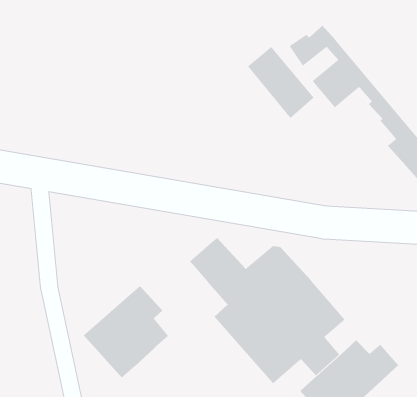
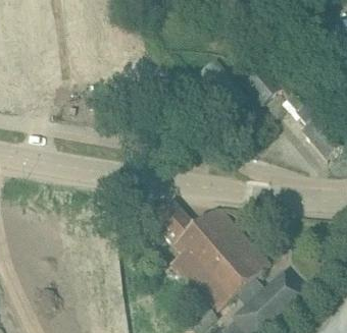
building: [83,285,169,379] -> none

